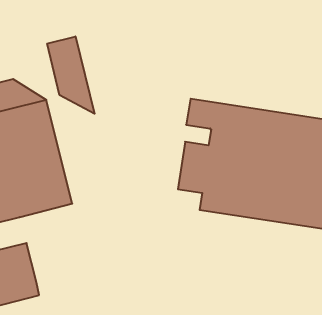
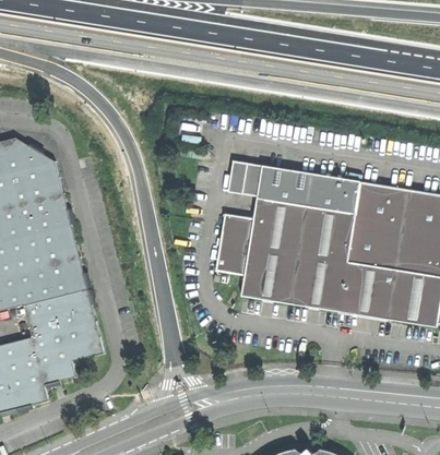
building: [47,36,95,114] -> none
building: none -> [24,289,105,385]

